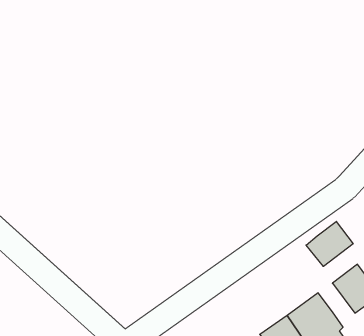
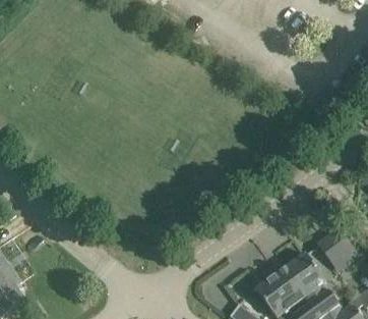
building: [306,221,353,266] -> none

